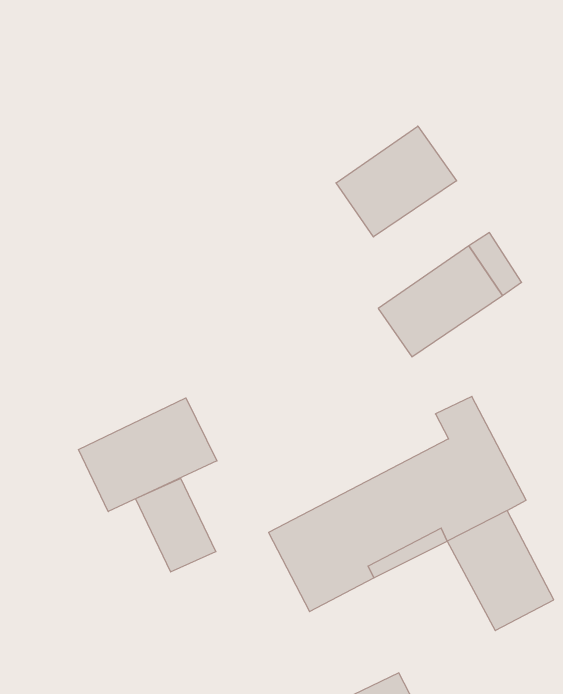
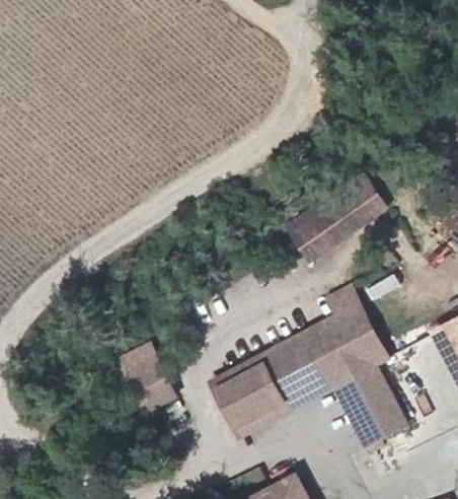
building: [336,126,457,237] -> none
building: [79,398,217,512] -> none

